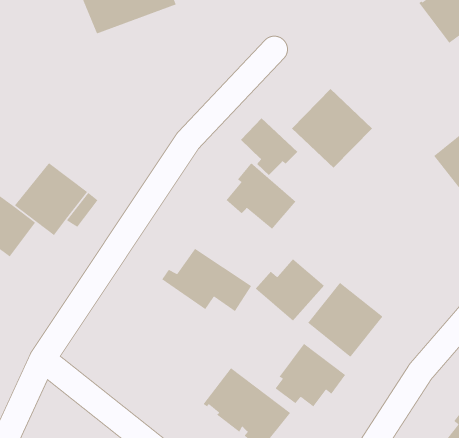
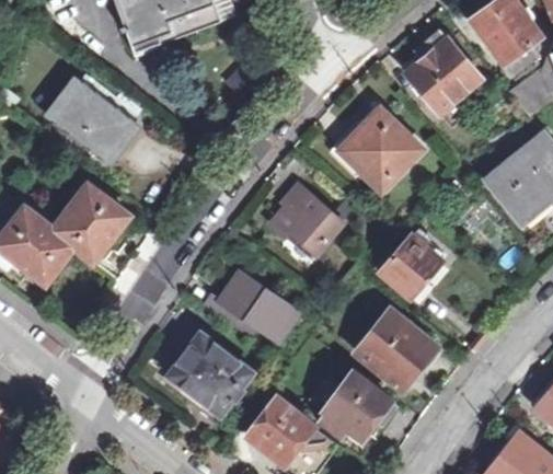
building: none -> [404,27,481,114]
building: none -> [45,74,143,166]
building: [240,118,298,176] -> none
building: [255,258,325,321] -> [373,232,446,298]
building: none -> [166,331,253,415]

